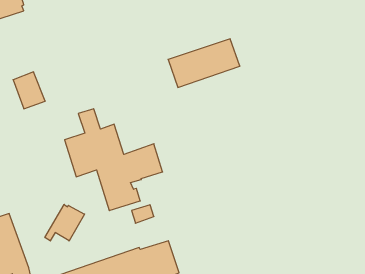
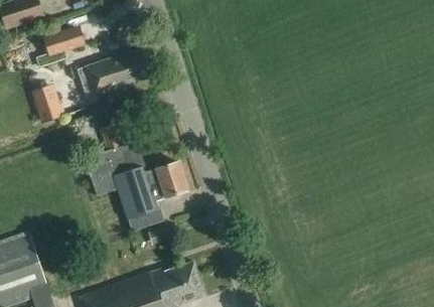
building: none -> [35,25,85,67]
building: [168,39,240,87] -> [76,48,150,99]
building: [45,204,85,241] -> none

